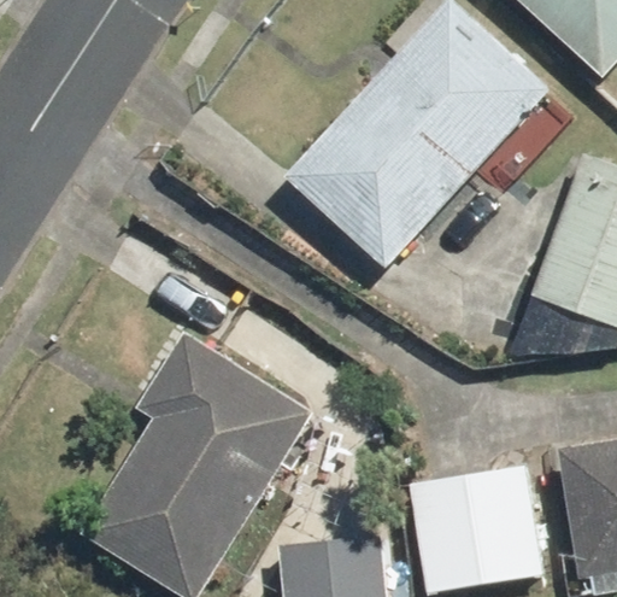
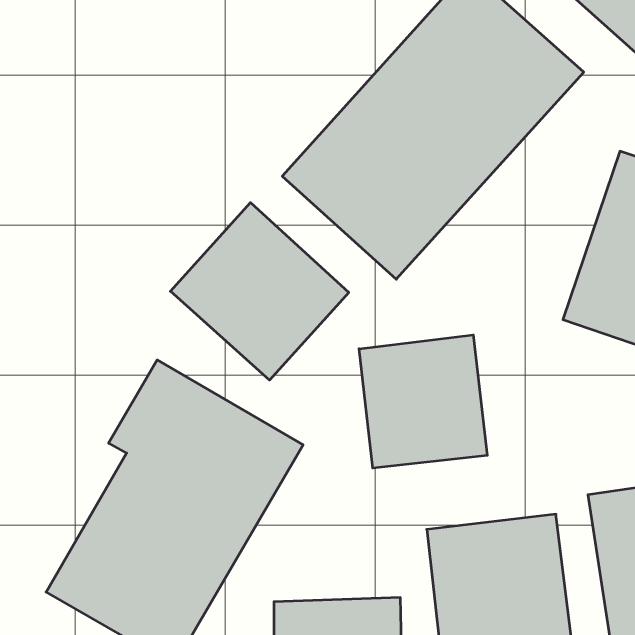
building: none -> [170,203,349,380]
building: none -> [359,335,487,468]

